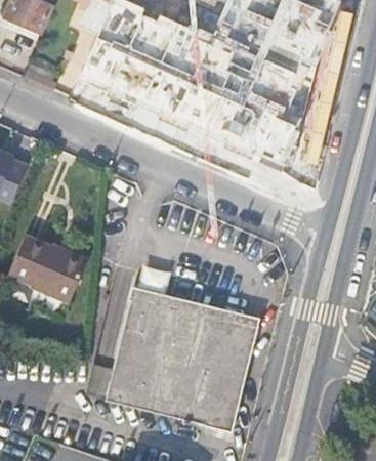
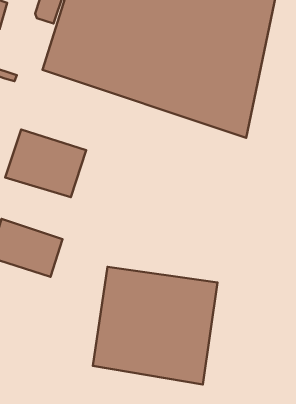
building: none -> [5,129,86,197]

